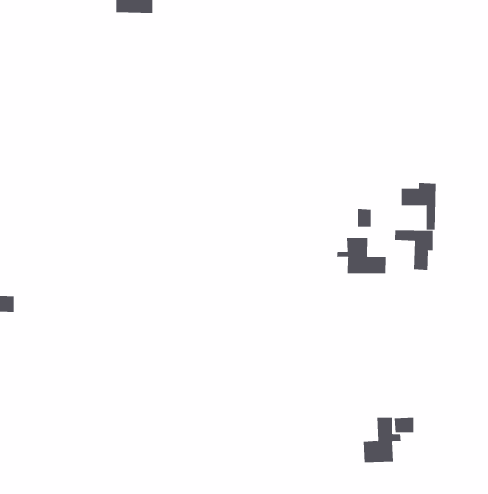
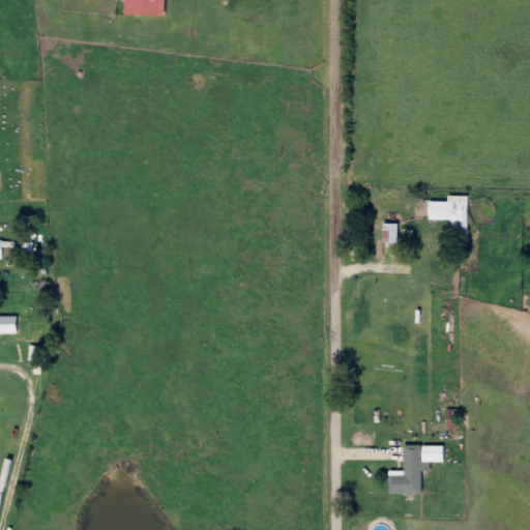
building: [395,229,433,271] -> none
building: [336,237,386,274] -> none

